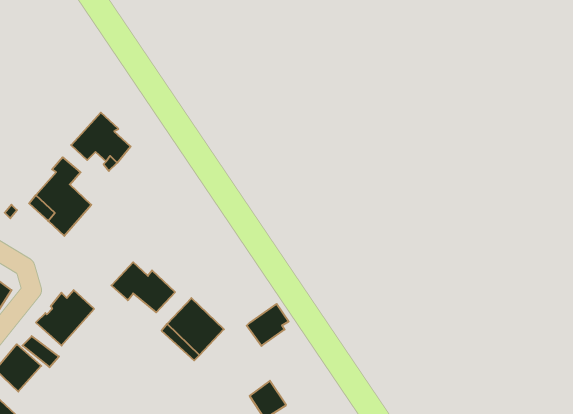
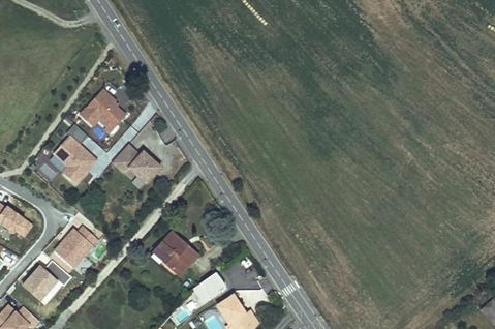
building: [111,262,175,312] -> [112,144,160,182]
building: [247,304,289,346] -> [192,271,224,303]

